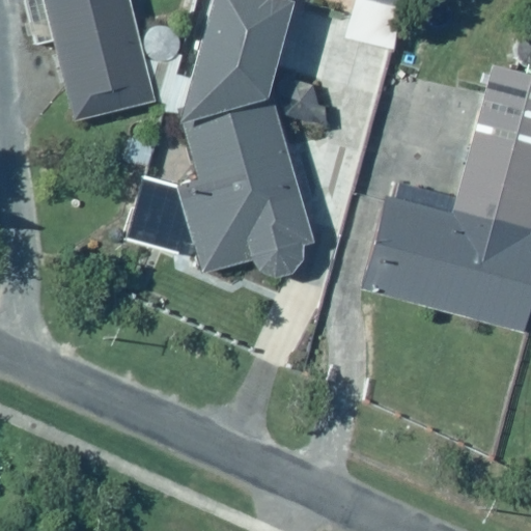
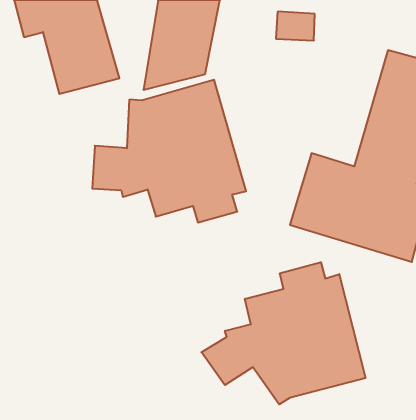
building: none -> [201,262,365,404]

